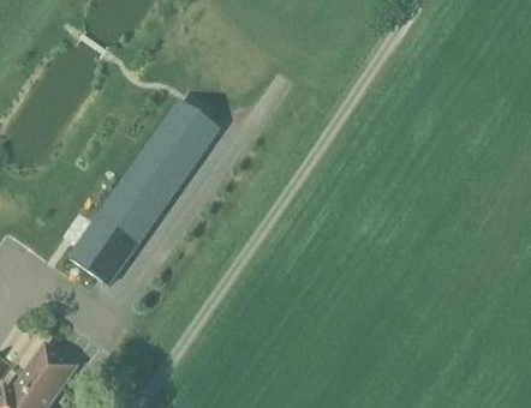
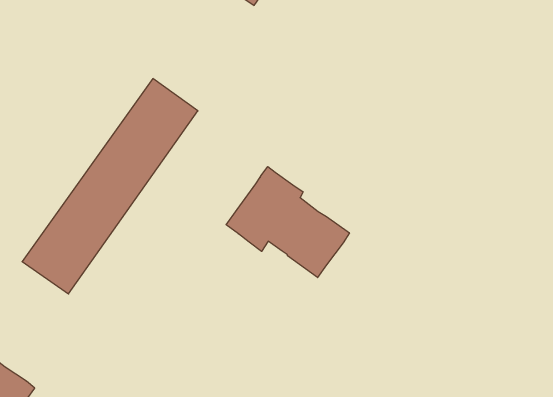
building: none -> [226,167,349,278]

